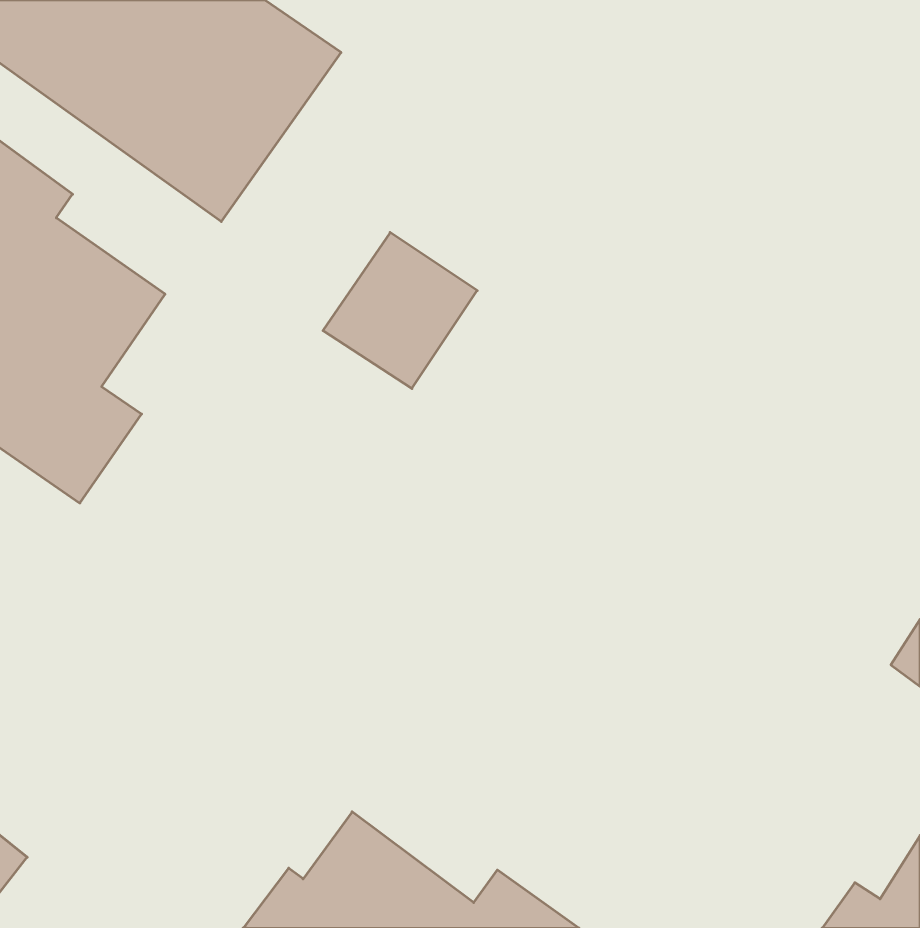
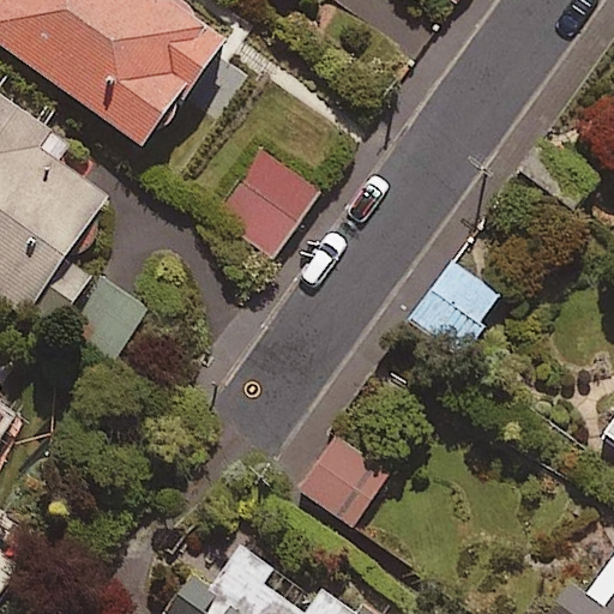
building: none -> [404,261,496,356]
building: none -> [297,434,389,526]

